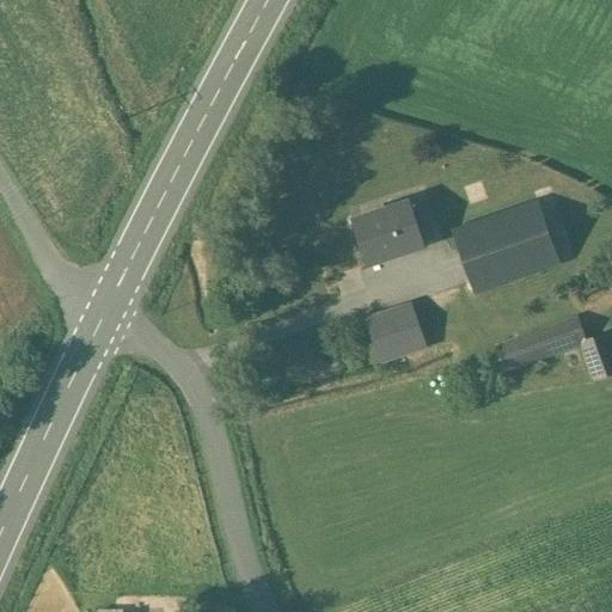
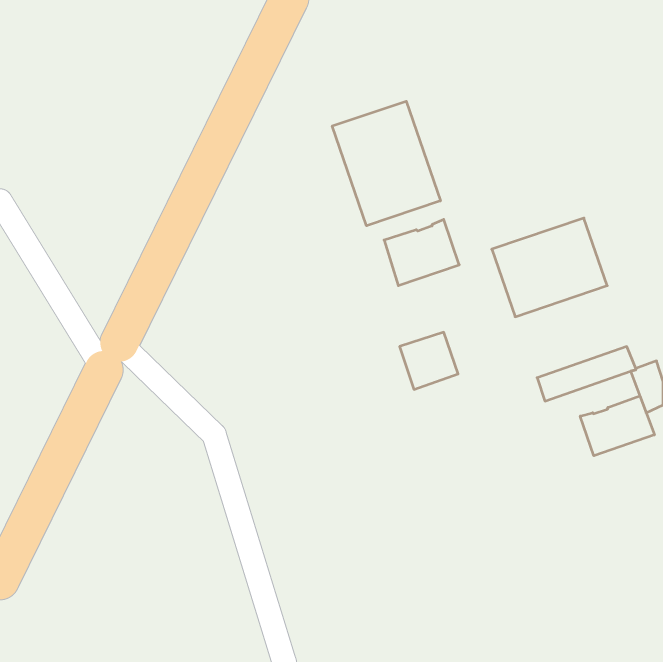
building: none -> [332,101,440,226]
building: none -> [580,396,654,456]

